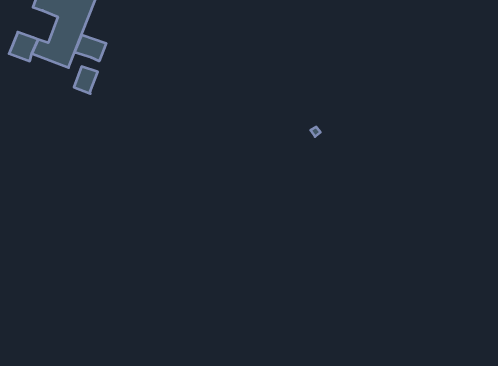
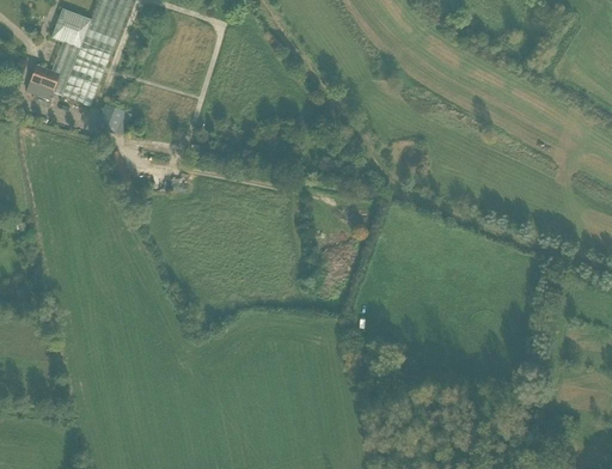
building: [75,35,106,61] -> none

